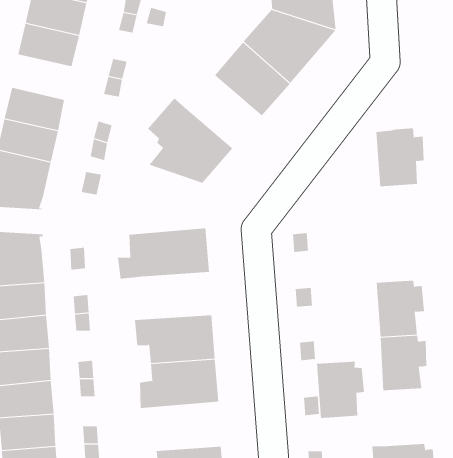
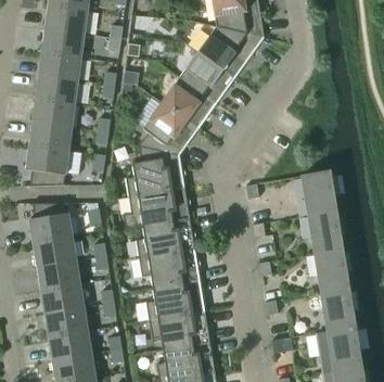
building: none -> [36,75,78,104]
building: none -> [162,77,217,128]
building: [375,128,424,187] -> [303,170,340,215]
building: none -> [126,145,184,196]
building: none -> [136,218,194,257]
building: [316,361,365,419] -> [321,288,358,331]
building: none -> [149,310,209,349]

